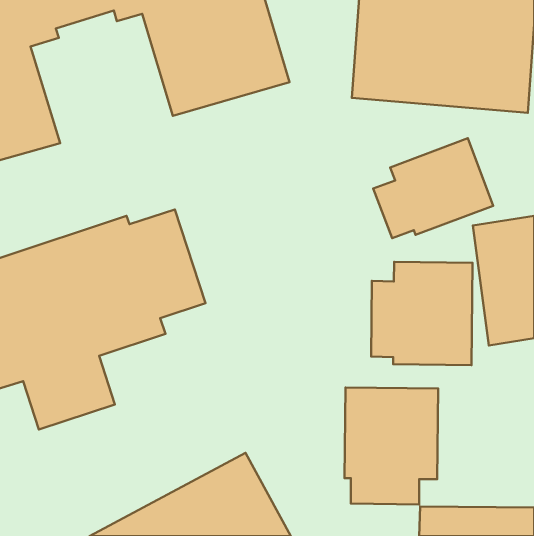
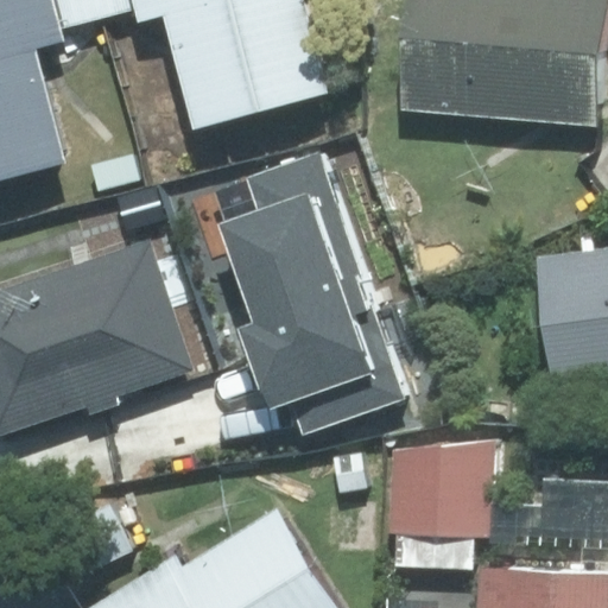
building: [373,138,493,238] -> none
building: none -> [224,157,406,431]
building: [371,262,473,365] -> none

